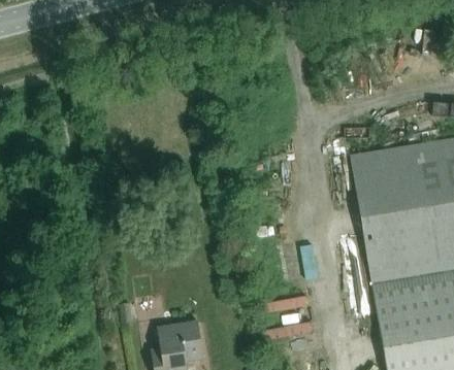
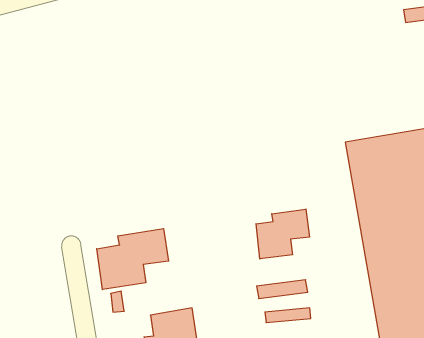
building: none -> [256,209,309,259]
building: none -> [97,229,169,290]

